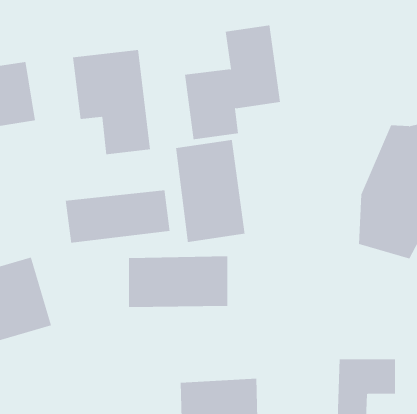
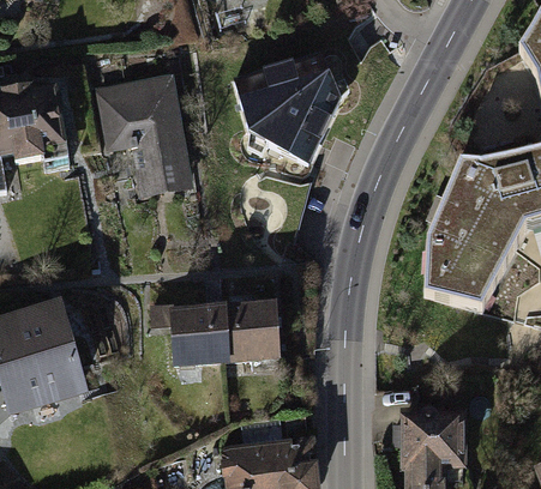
building: [176,139,245,243] -> none
building: [65,189,170,243] -> none

